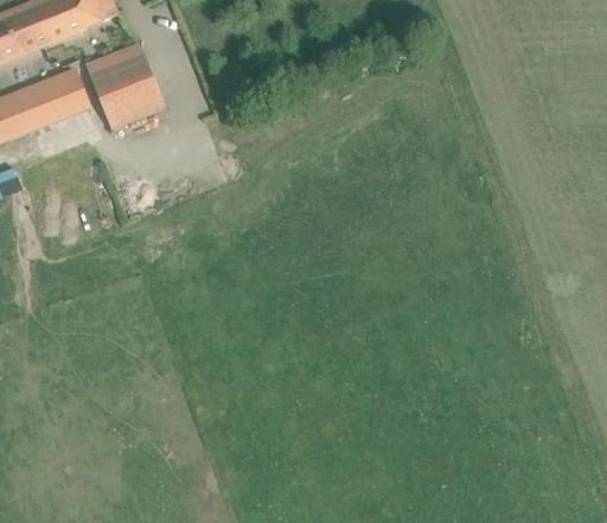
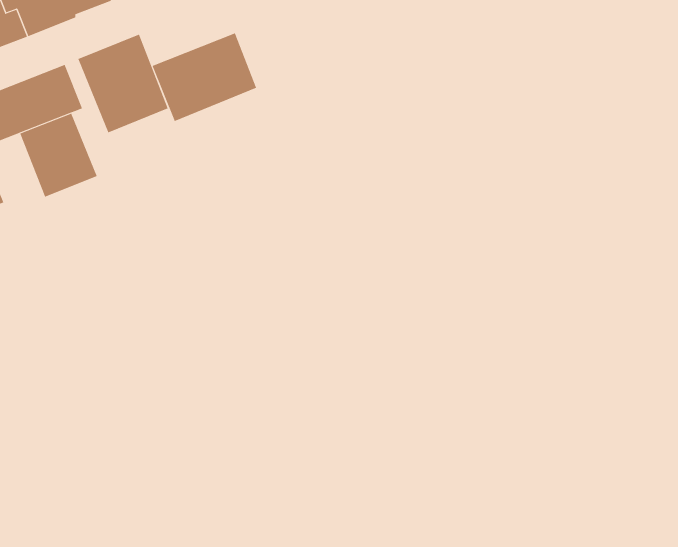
building: none -> [152,33,257,122]
building: none -> [20,113,98,198]

